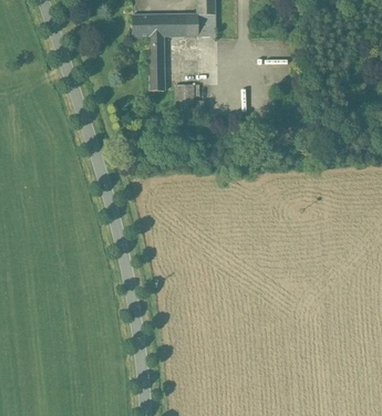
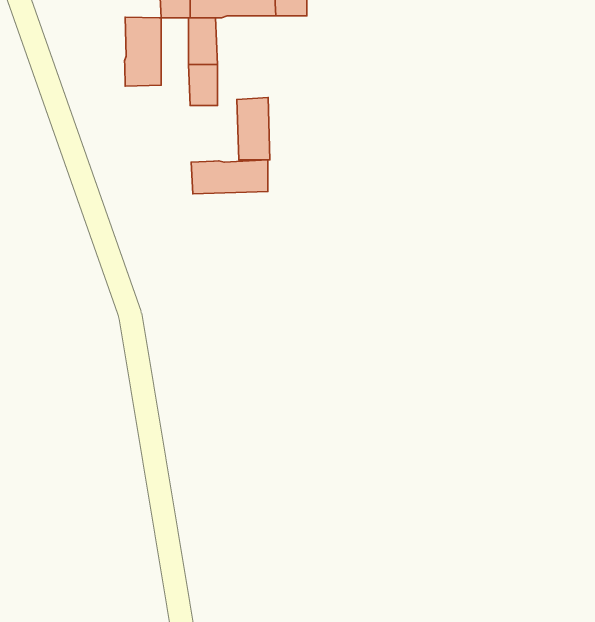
building: none -> [125,17,161,86]
building: none -> [191,160,268,194]

